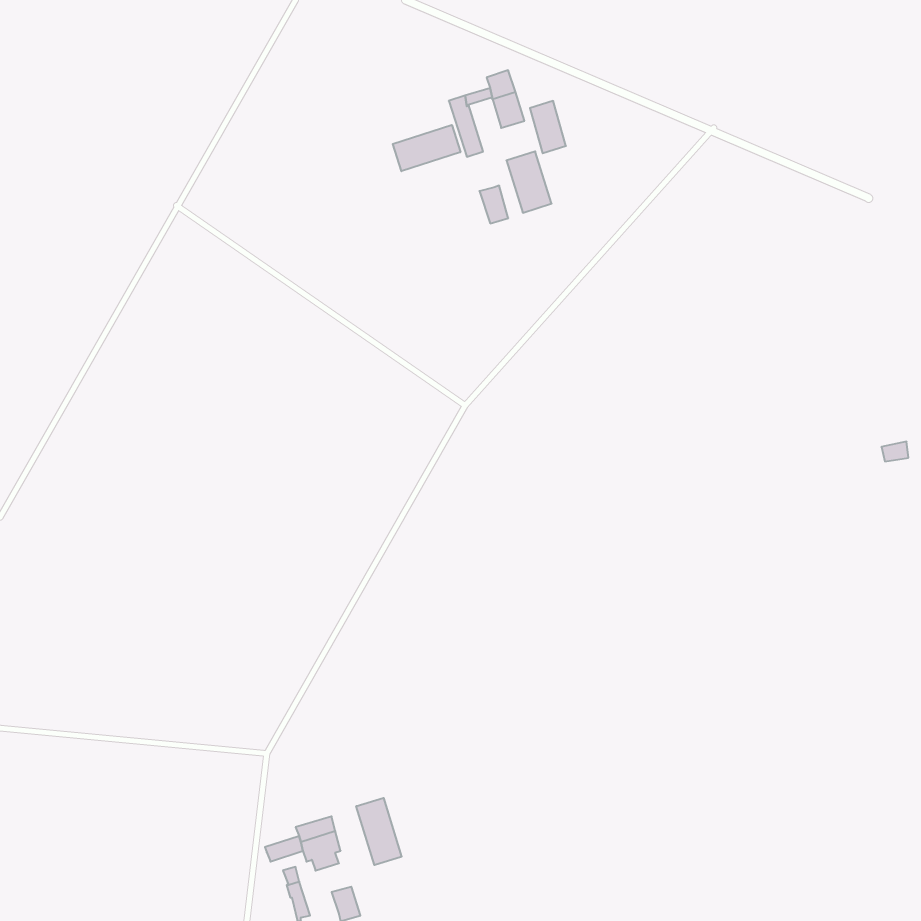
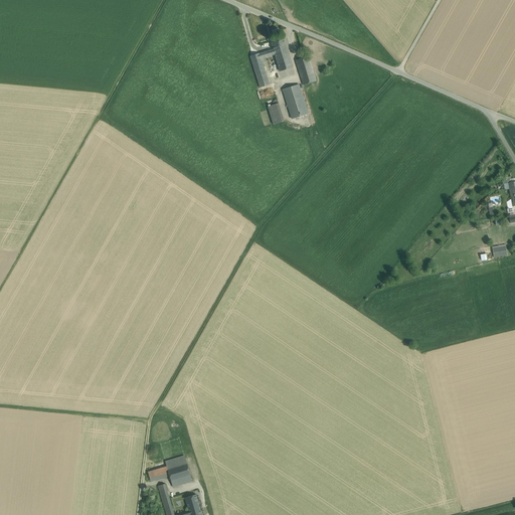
building: [393,125,460,171] -> none
building: [356,798,402,865] -> none

